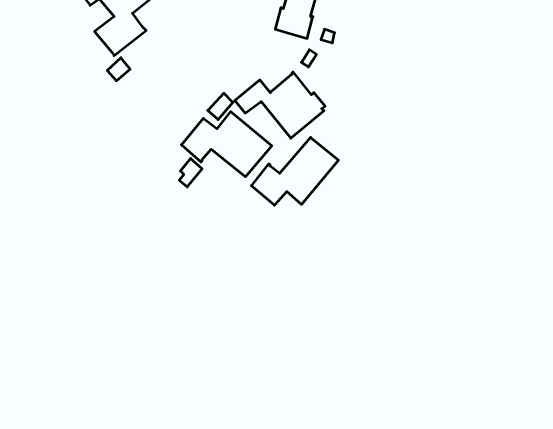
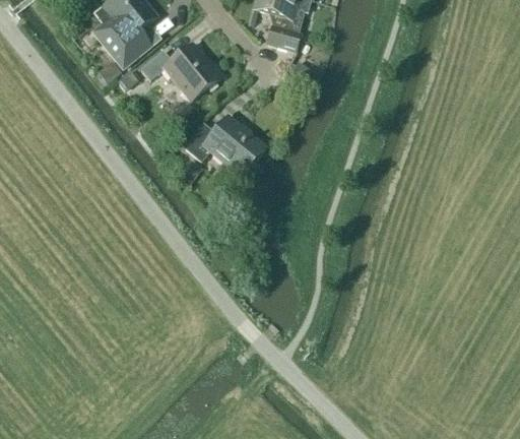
building: [235,72,325,138] -> [140,42,220,101]
building: [251,137,338,205] -> none

